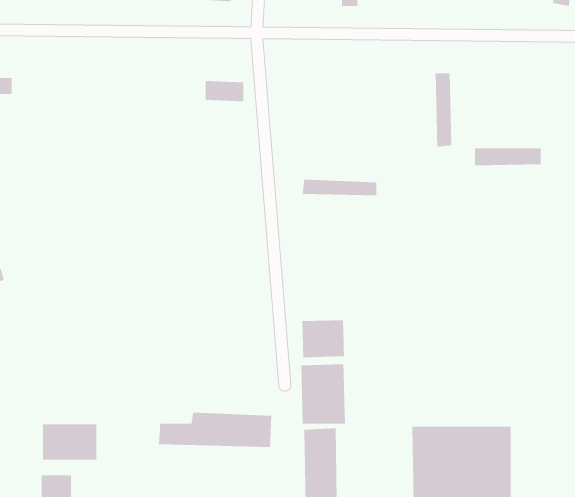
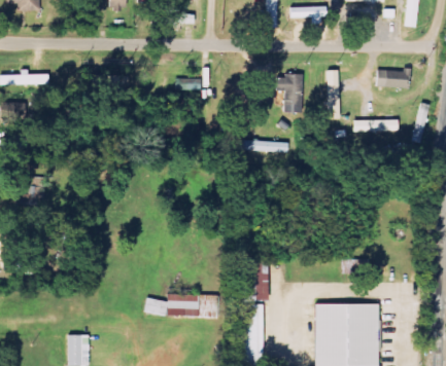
building: none -> [376,70,410,88]
building: none -> [276,75,303,113]
building: [302,319,345,358] -> none
building: [42,423,97,461] -> none

